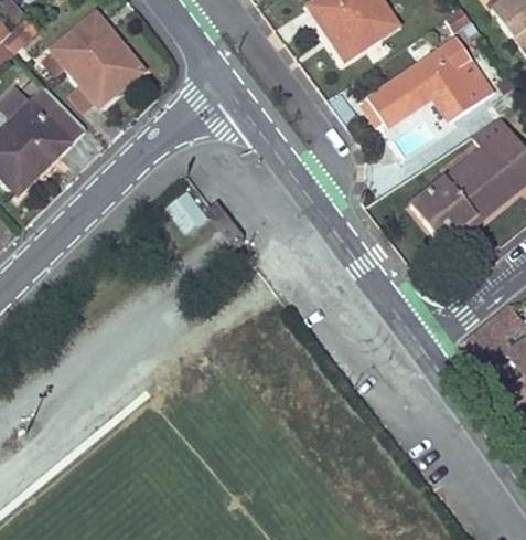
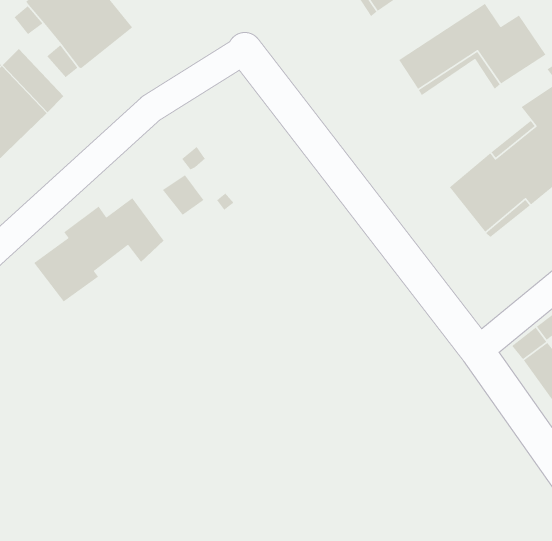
building: none -> [33,197,164,302]

